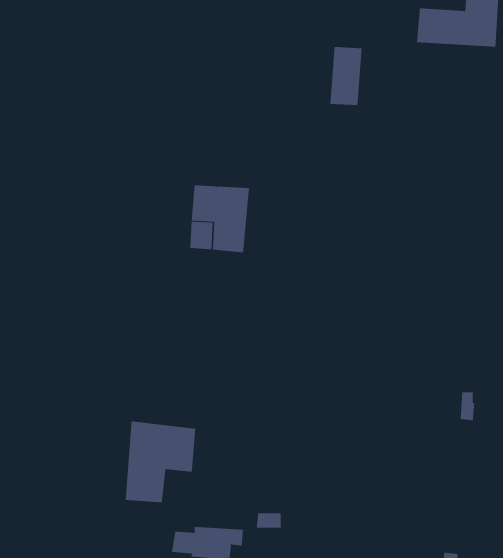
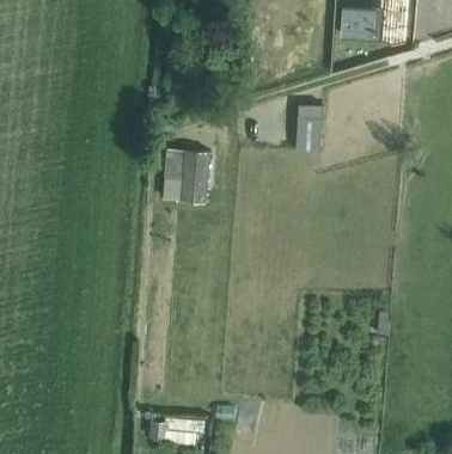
building: [329,47,363,106] -> [294,104,320,151]
building: [125,420,196,503] -> none

